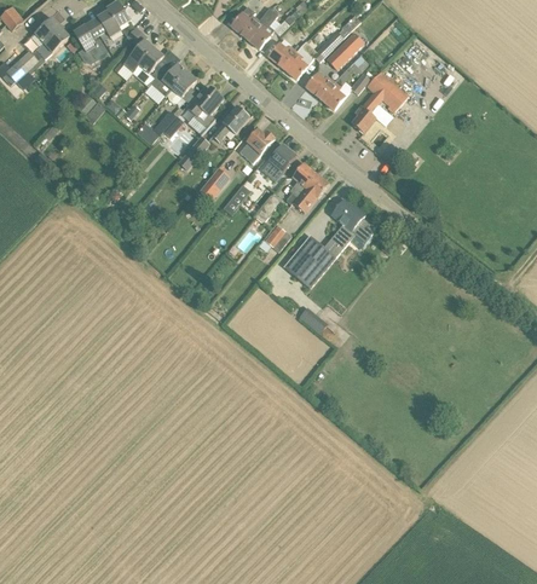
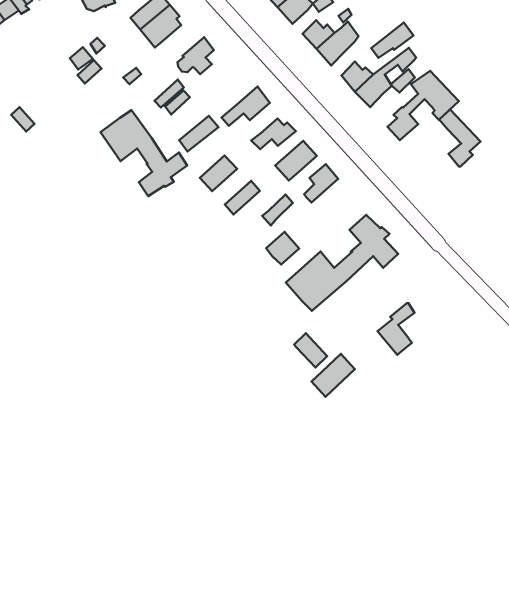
building: [149,63,186,96] -> none
building: [186,87,223,128] -> none
building: none -> [439,109,481,167]
building: none -> [101,110,187,196]
building: [291,173,329,213] -> none
building: none -> [378,303,414,355]
building: none -> [312,354,355,397]

